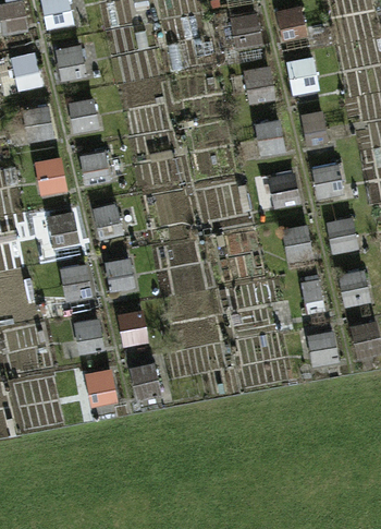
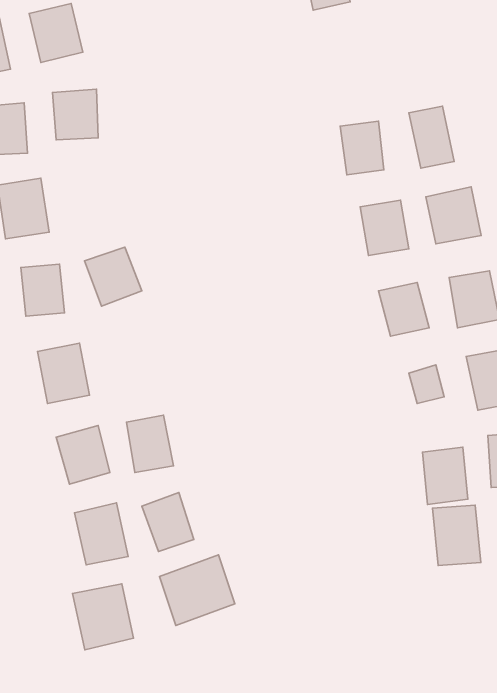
building: [288,57,318,95] -> none
building: [244,64,276,104] -> none
building: [79,151,112,185] -> none
building: [106,257,137,293] -> none
building: none -> [433,505,481,565]
building: none -> [160,555,235,625]
building: none -> [73,584,133,650]

